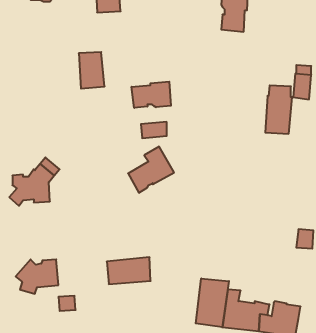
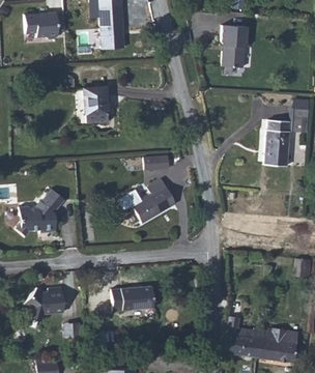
building: [132,82,171,108] -> none
building: [196,278,229,327] -> none

